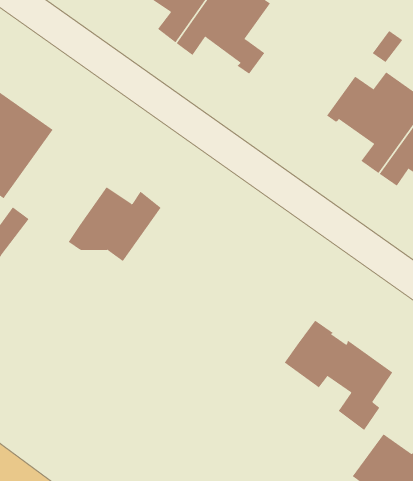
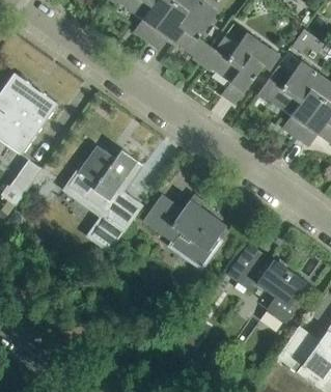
building: none -> [201,32,279,104]
building: none -> [102,191,143,245]
building: none -> [142,193,226,268]

